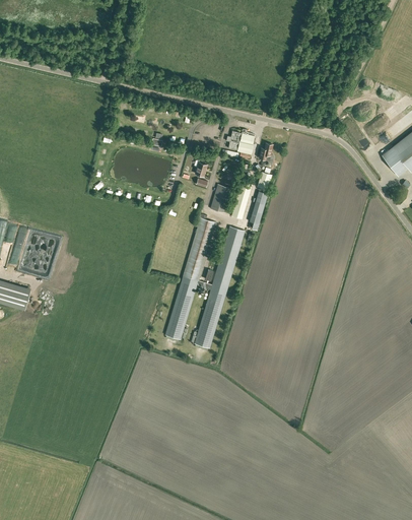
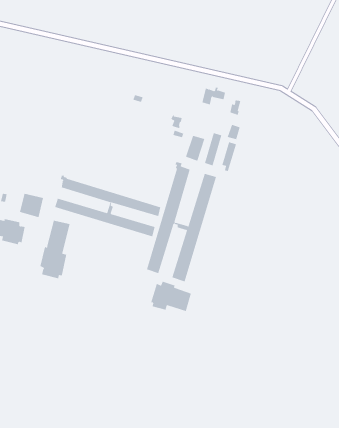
building: none -> [55,175,161,237]
building: none -> [40,220,70,279]
building: none -> [150,281,192,312]

